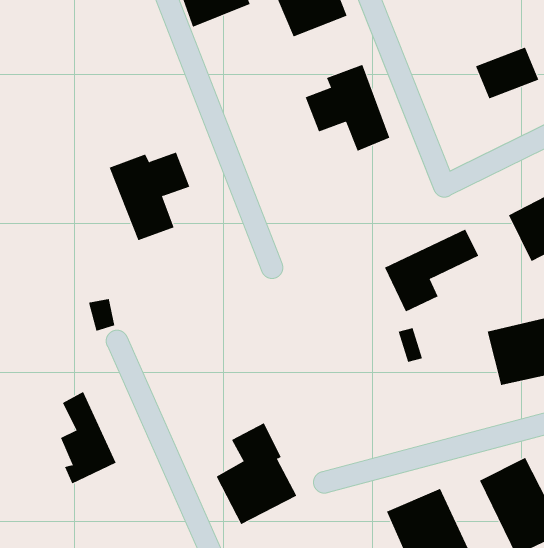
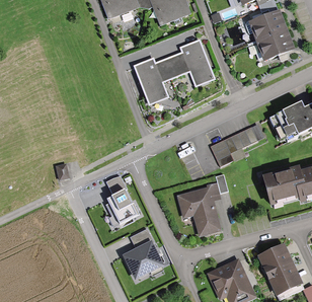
building: none -> [250,10,283,37]
building: [109,152,190,241] -> [132,54,174,100]
building: none -> [177,184,219,234]
building: [60,391,116,484] -> [106,172,136,221]

